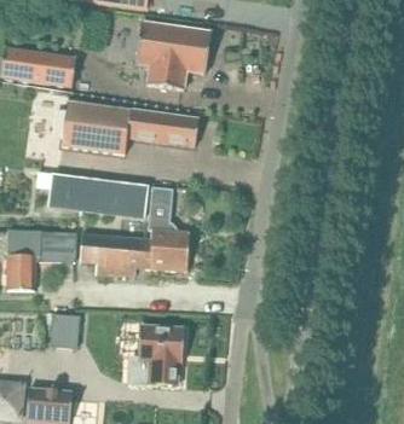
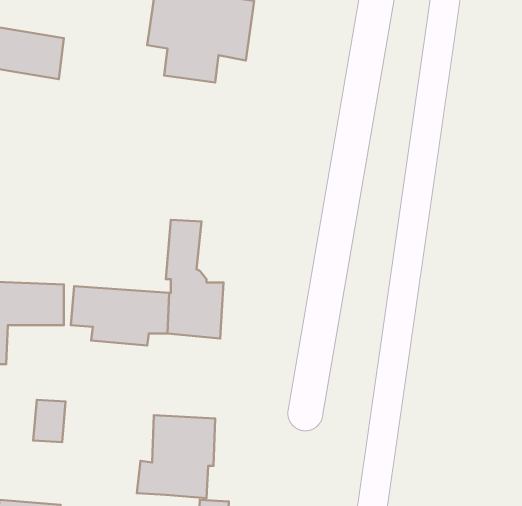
building: [60,101,198,153] -> none
building: [47,173,149,216] -> none

